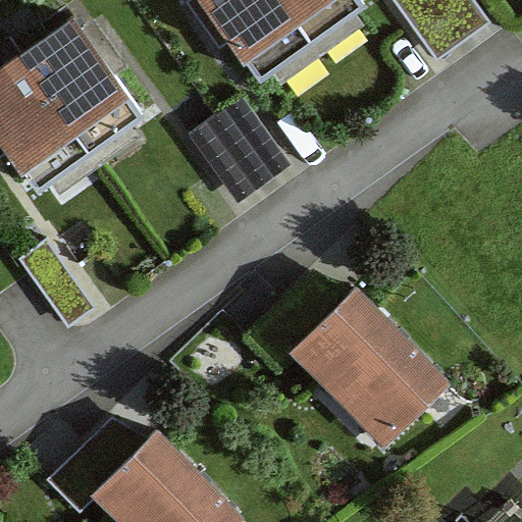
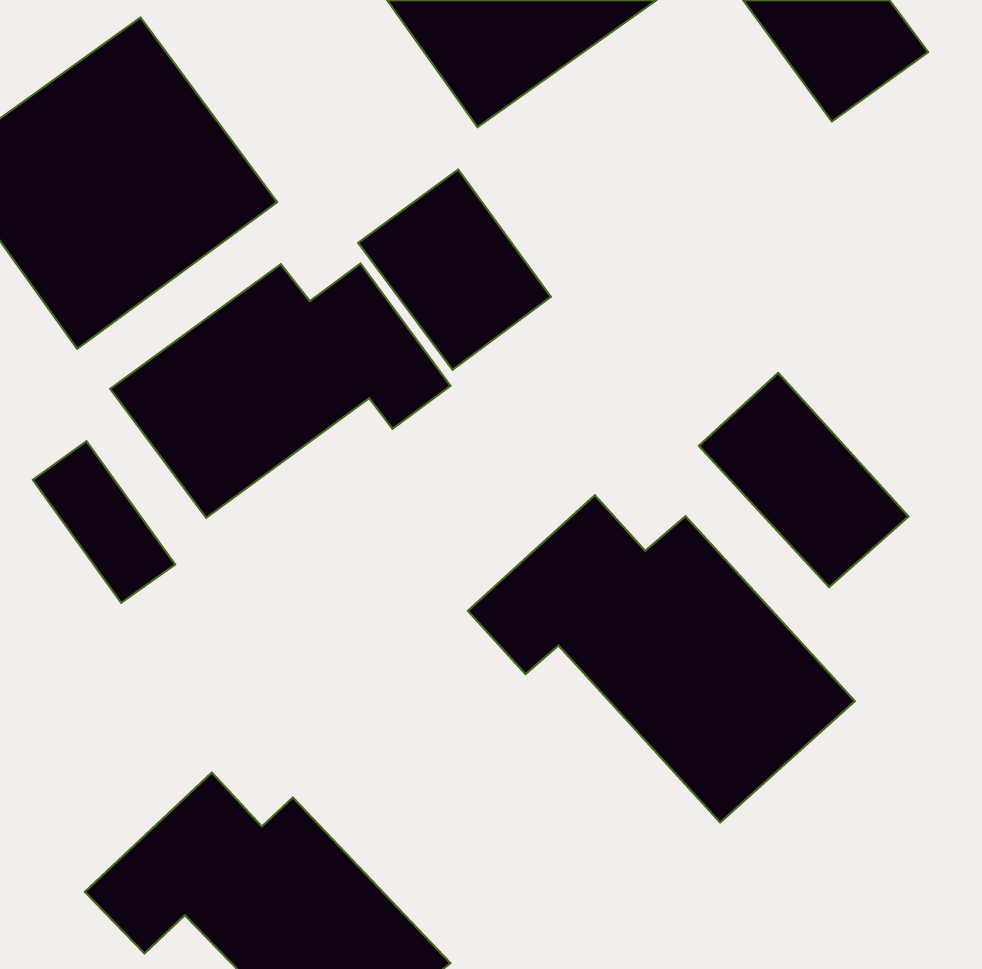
building: none -> [110,263,451,518]
building: none -> [699,373,908,587]

